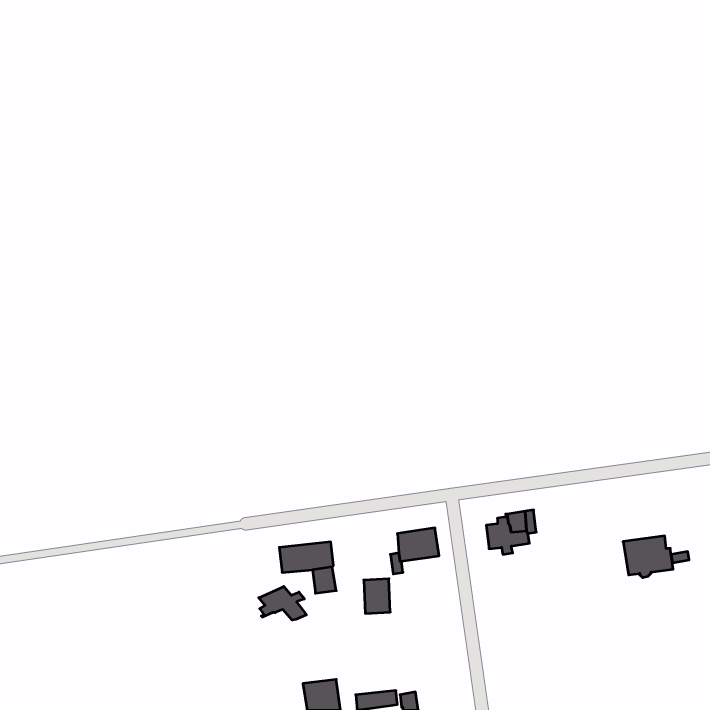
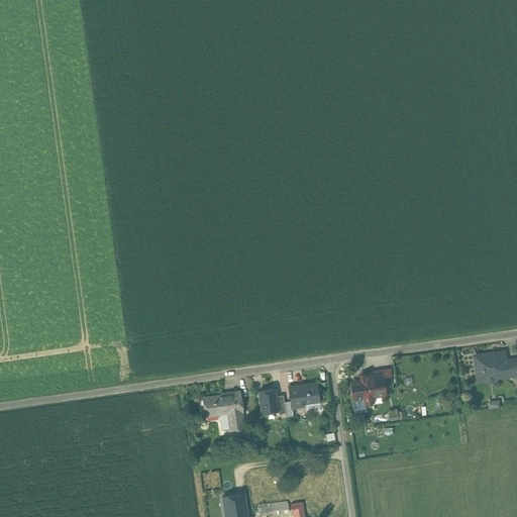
building: [623,536,673,578] -> [475,352,511,383]
building: [364,579,390,613] -> [260,388,279,413]
building: [259,586,306,620] -> none

